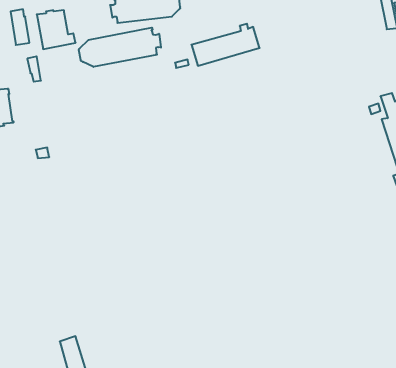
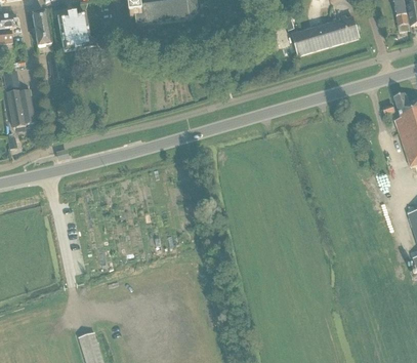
building: [191,24,260,66] -> [291,12,358,53]
building: [79,28,161,67] -> none

